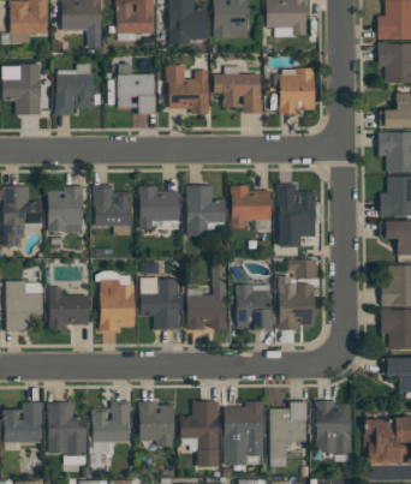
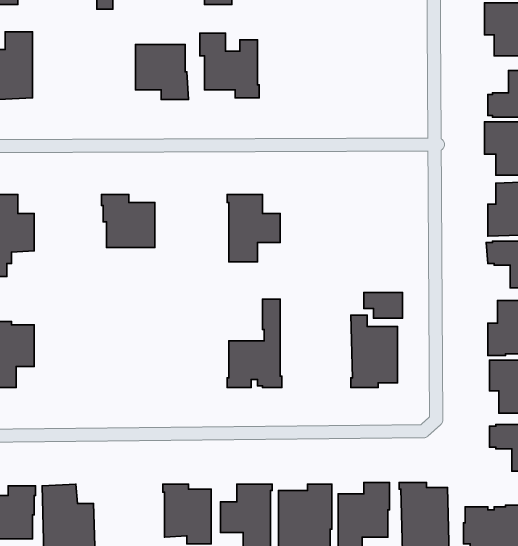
building: [279,68,315,114] -> none
building: [55,74,95,115] -> none
building: [214,74,263,113] -> none
building: [276,184,316,247] -> none
building: [138,186,180,229] -> none
building: [231,186,272,228] -> none
building: [48,187,83,232] -> none
building: [96,271,135,330] -> none
building: [141,277,184,330] -> none
building: [237,285,272,330] -> none
building: [49,287,89,330] -> none
building: [91,401,131,442] -> none

